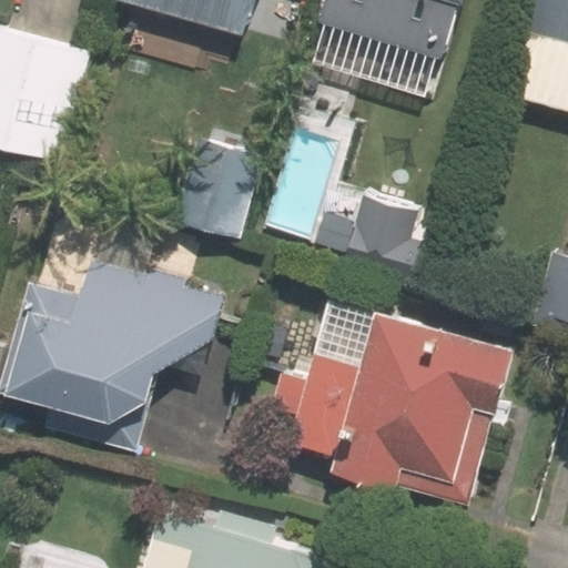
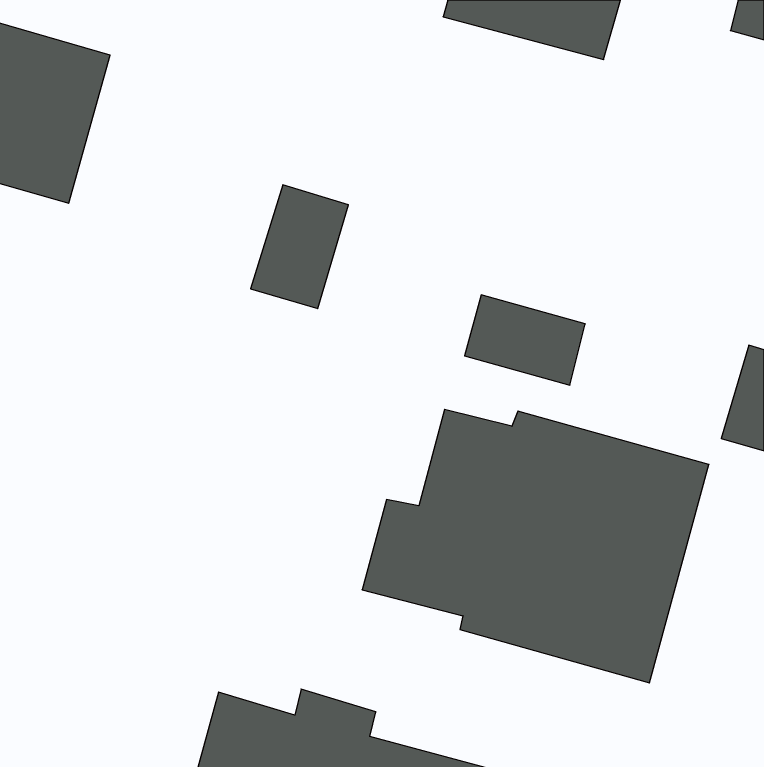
building: [13,258,223,452] -> none

